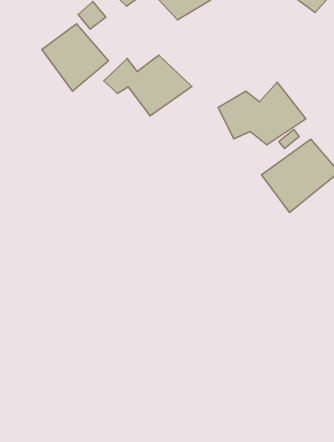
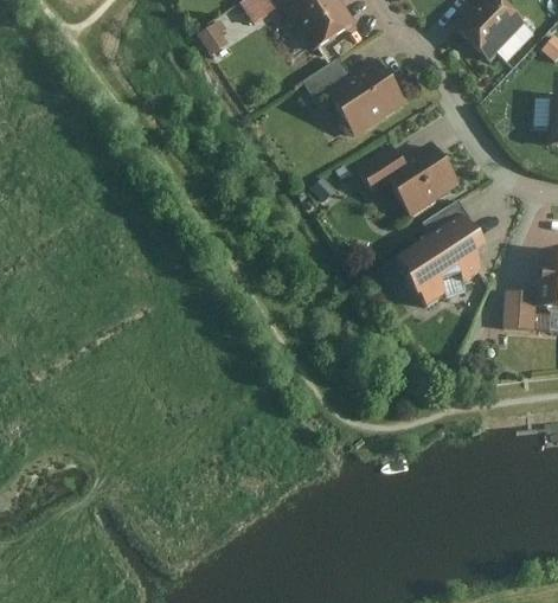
building: [42,24,108,91] -> none
building: [104,55,192,116] -> [302,59,411,134]

